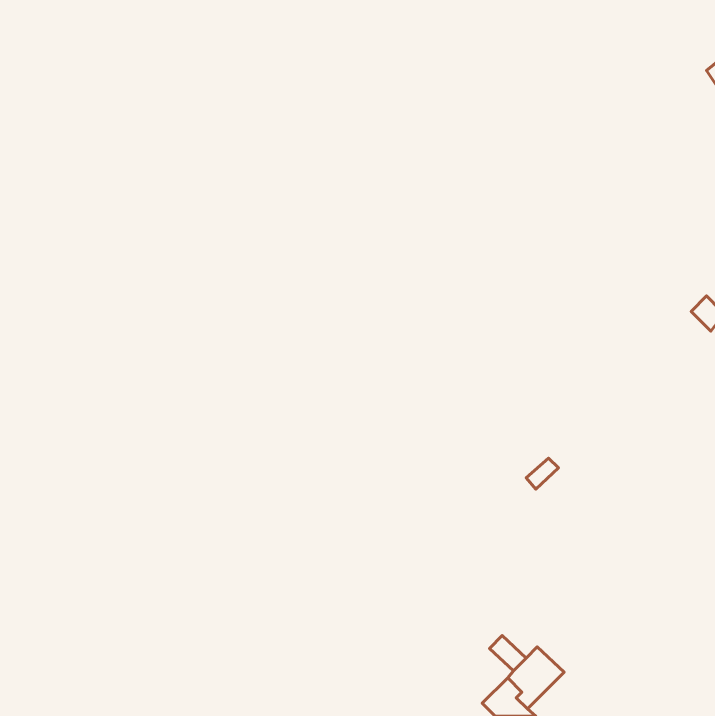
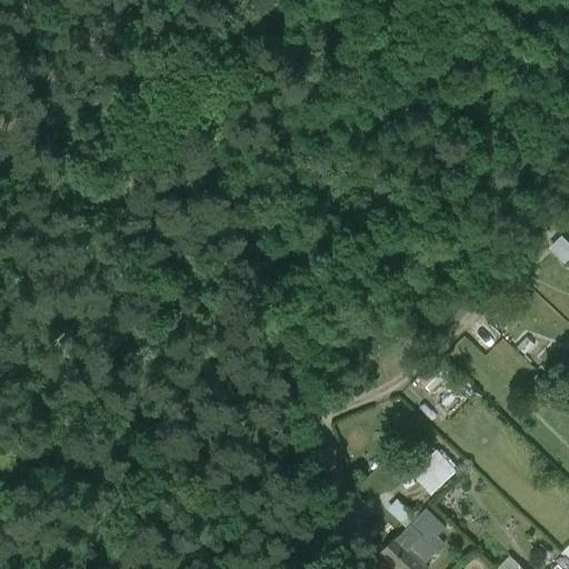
building: none -> [415,450,459,495]

